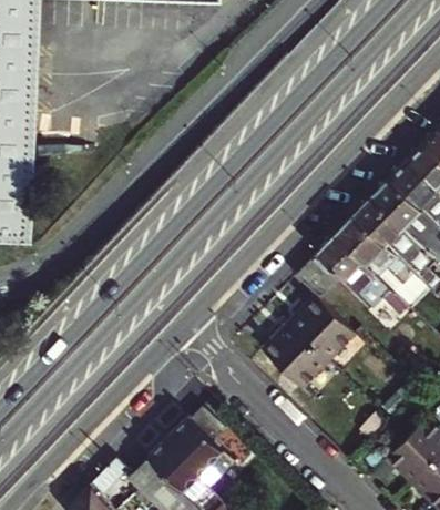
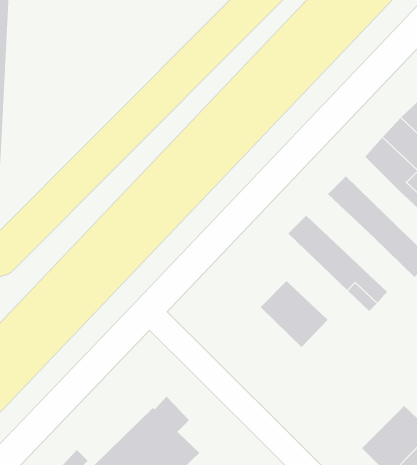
building: [370,181,429,248] -> none
building: [332,216,401,294] -> none
building: [294,254,339,300] -> none
building: [262,324,328,390] -> none

